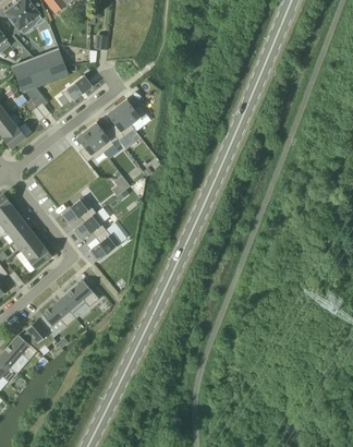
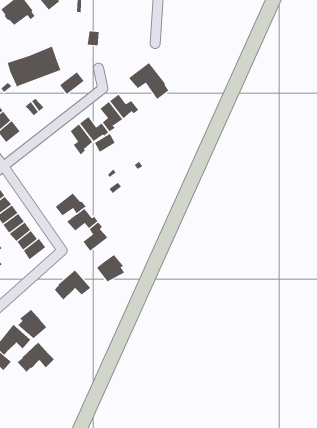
building: none -> [128,62,169,100]
building: none -> [96,254,125,282]
building: [36,299,75,330] -> [17,342,55,373]

